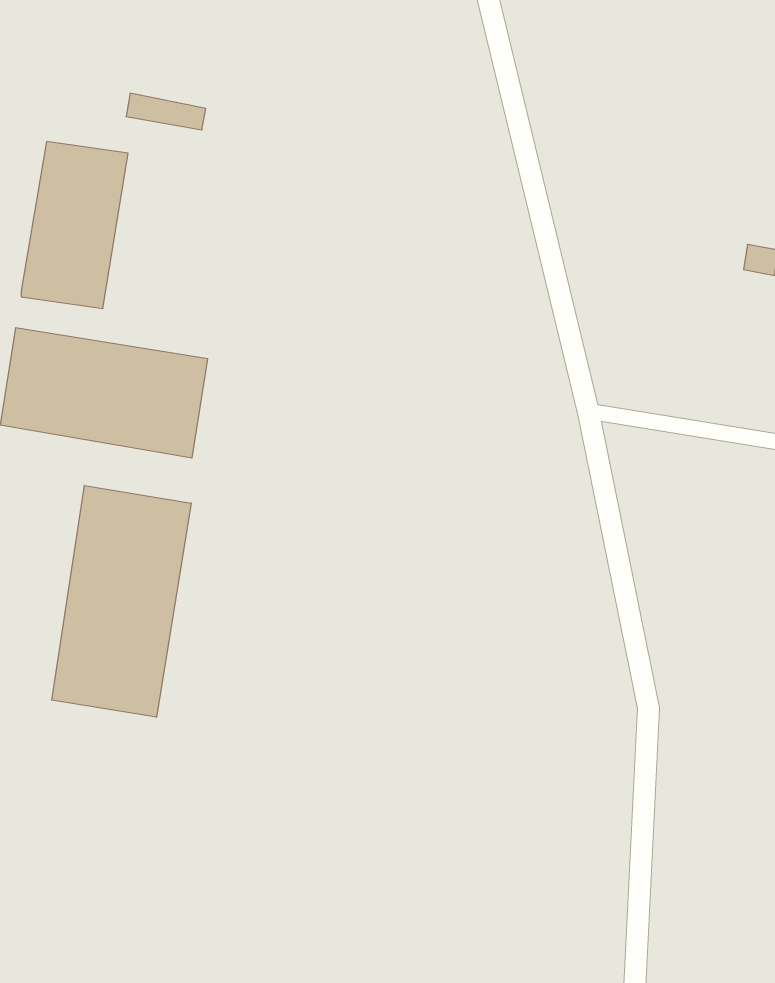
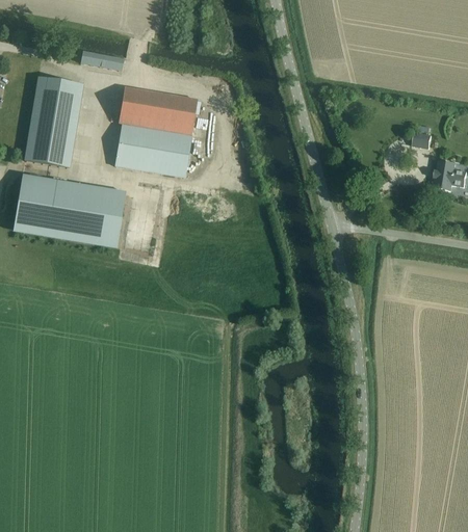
building: none -> [115,85,198,176]
building: [52,485,191,717] -> none

